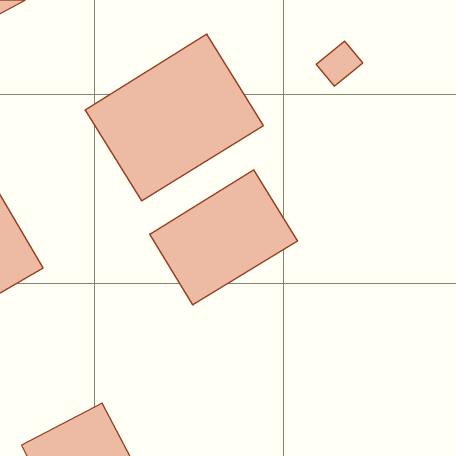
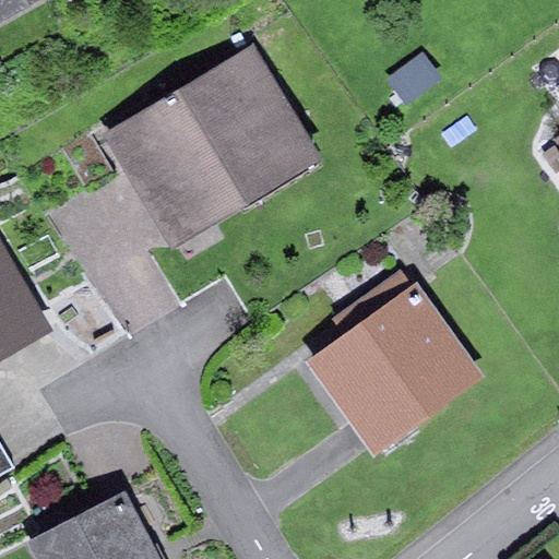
building: [150,170,297,305] -> none
building: none -> [305,269,483,455]

